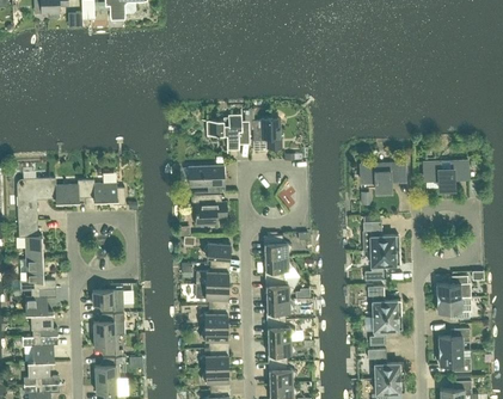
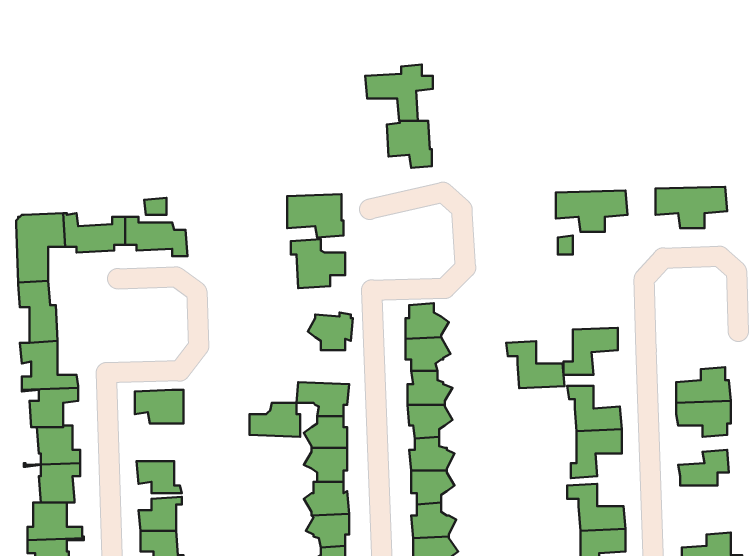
building: [206,115,249,151] -> [365,65,433,121]
building: [362,222,399,252] -> [506,341,564,388]
building: [196,265,228,287] -> [249,403,300,437]
building: [93,314,124,336] -> none
building: [438,351,471,373] -> none

